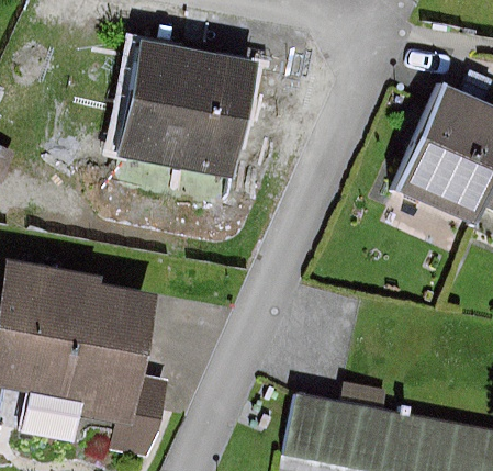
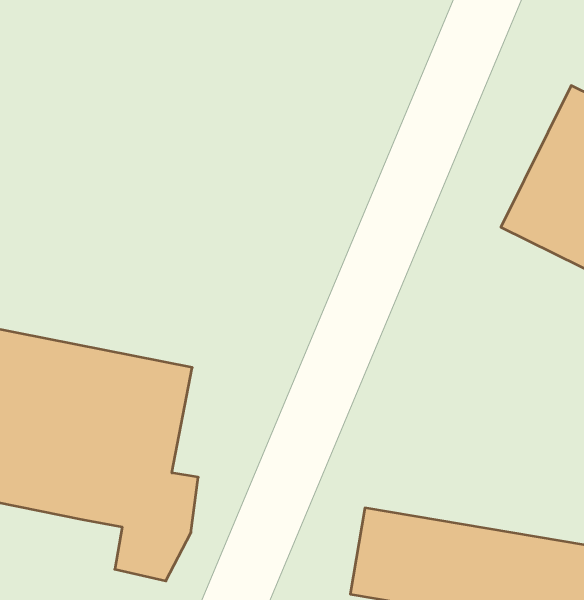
building: [110,37,260,165] -> none

